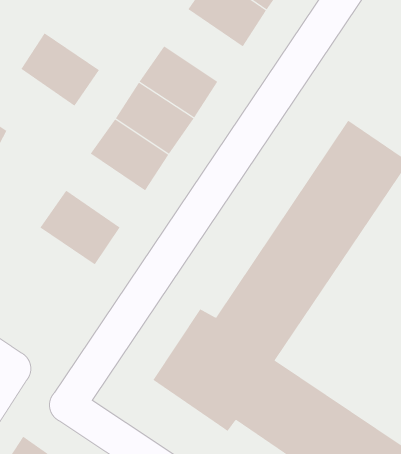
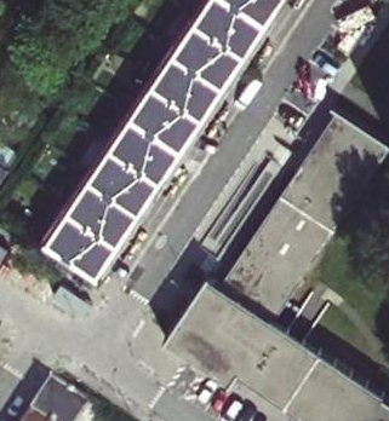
building: none -> [176,18,245,81]
building: [20,33,100,107] -> [91,143,160,207]
building: none -> [46,207,116,271]

